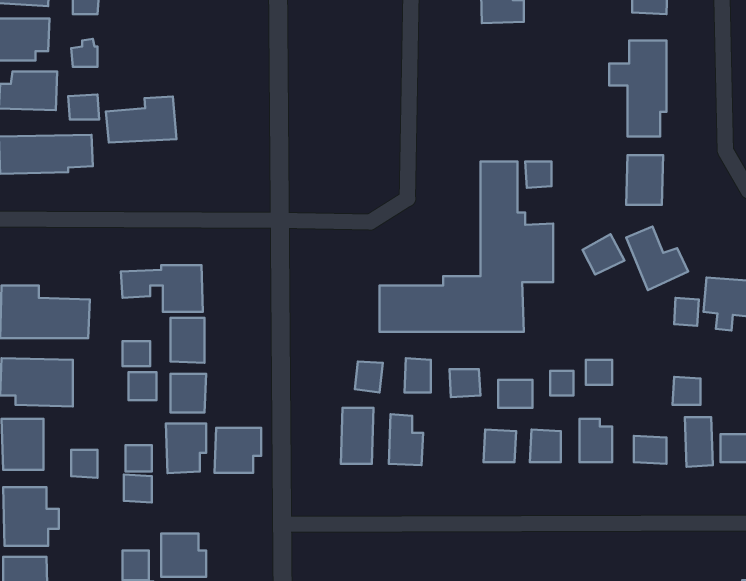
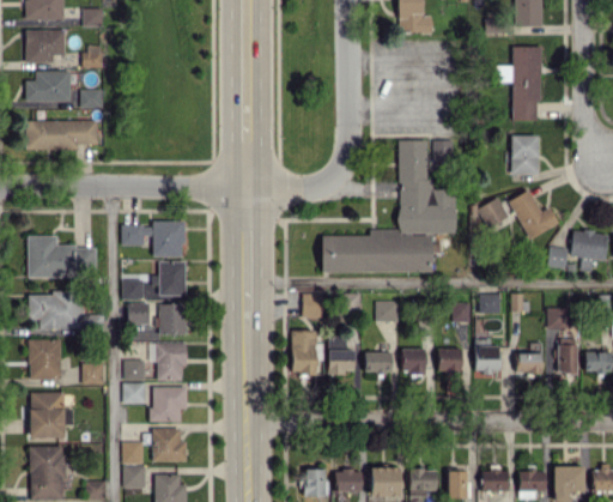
building: [106,97,176,143] -> none
building: [498,380,532,408] -> [365,351,392,373]
building: [215,428,261,473] -> [151,387,187,422]

